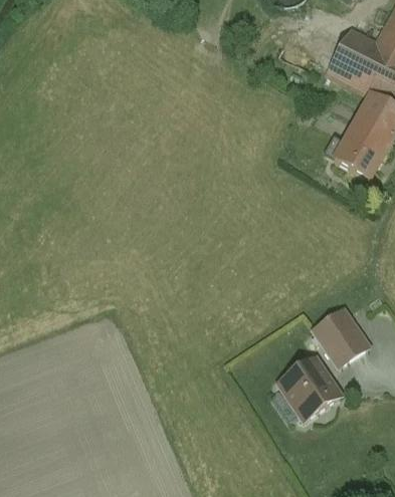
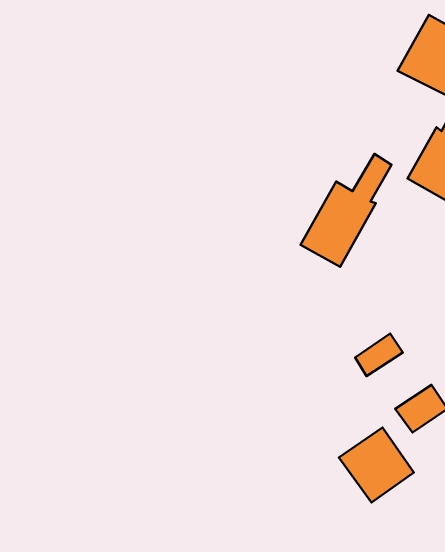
building: none -> [300,154,391,267]
building: [316,308,354,342] -> [355,334,403,376]

